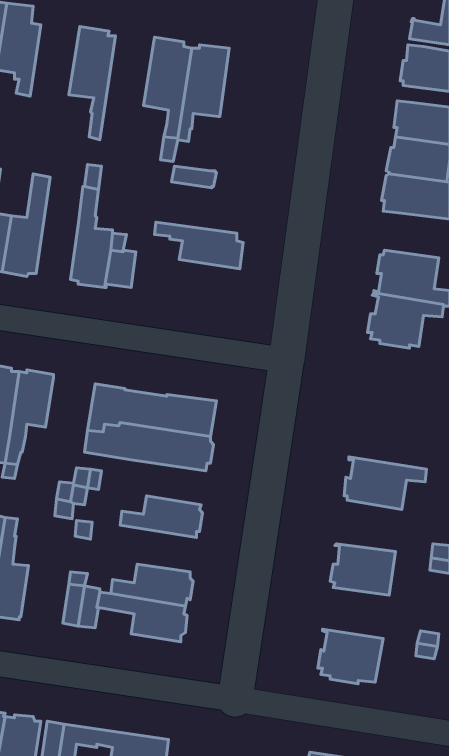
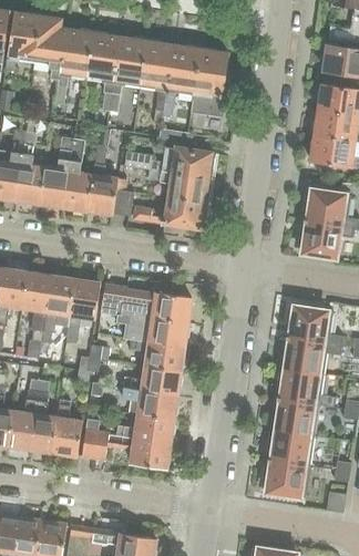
building: none -> [54,27,93,105]
building: none -> [107,34,146,112]
building: none -> [189,45,227,117]
building: none -> [62,137,92,213]
building: none -> [122,146,214,177]
building: none -> [134,196,207,230]
building: none -> [65,279,100,342]
building: none -> [285,303,342,346]
building: none -> [129,339,184,371]
building: none -> [276,368,322,404]
building: none -> [120,385,177,419]
building: none -> [51,398,82,456]
building: none -> [266,430,314,466]

